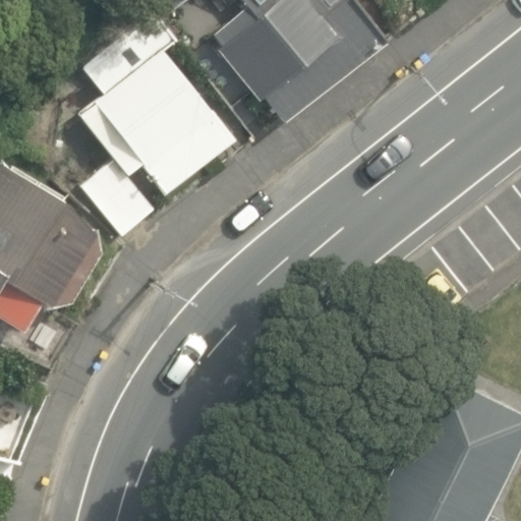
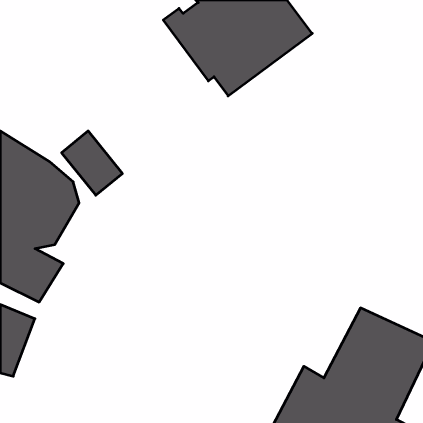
building: [77,11,238,195] -> none

